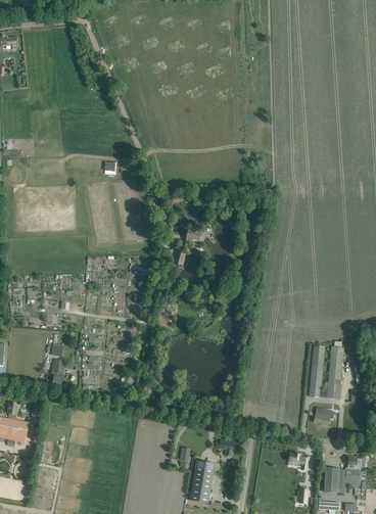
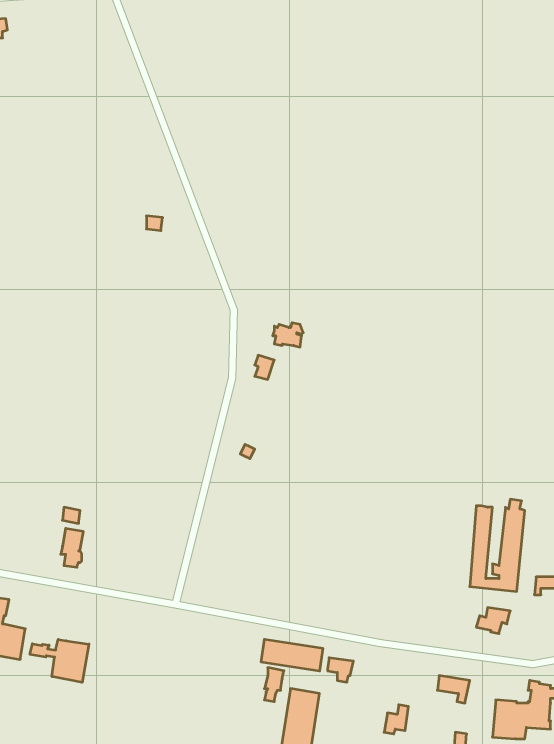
building: none -> [261,639,323,671]
building: none -> [30,639,89,682]

